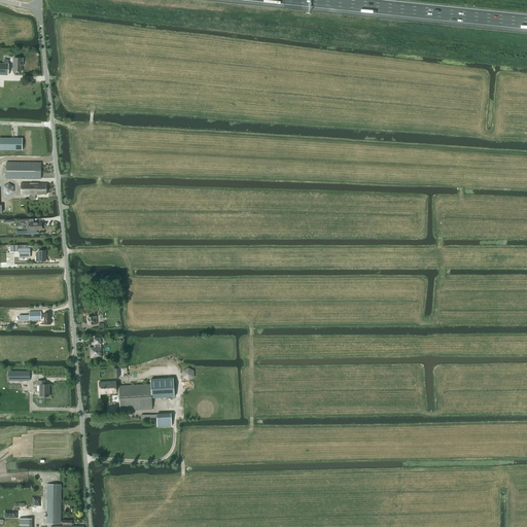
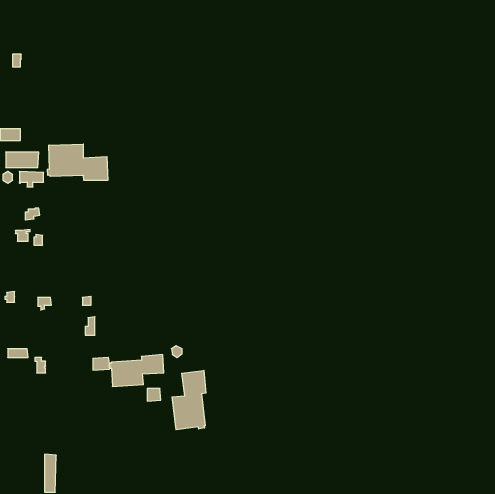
building: none -> [47,144,108,180]
building: none -> [172,370,206,430]

